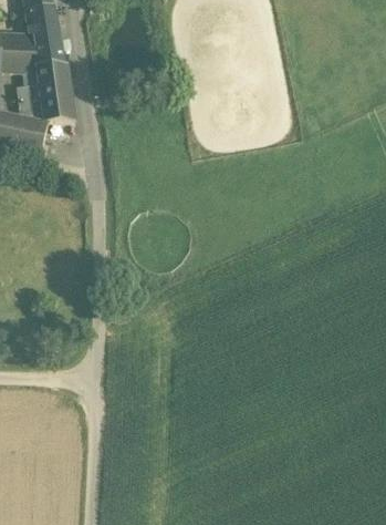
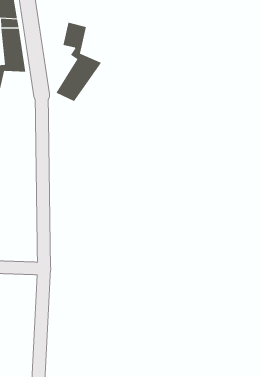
building: none -> [56,22,102,102]

